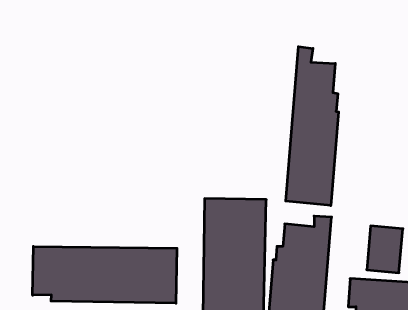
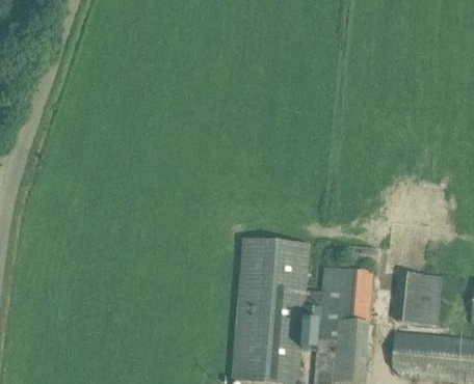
building: [286,47,339,206] -> none
building: [33,246,177,303] -> none

